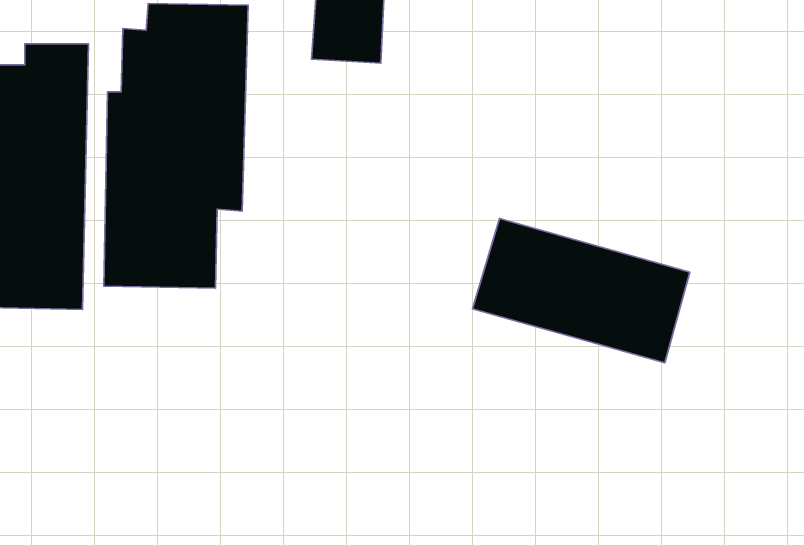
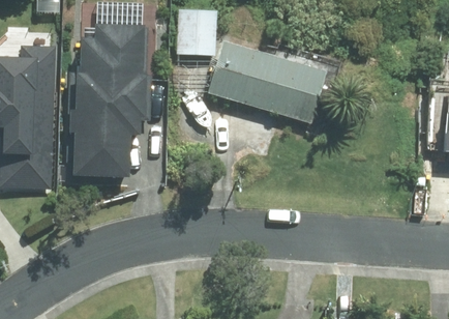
building: [472,218,690,363] -> [210,41,327,119]

